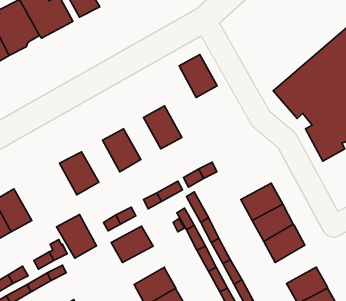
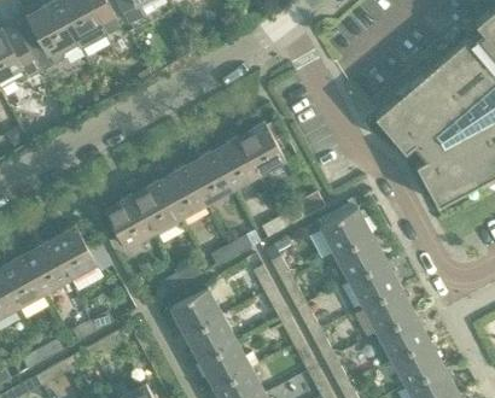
building: [179,55,217,97] -> [237,122,285,176]
building: none -> [185,151,232,204]
building: none -> [132,180,180,233]
building: none -> [319,207,372,254]
building: [57,214,97,258] -> [46,226,97,281]
building: none -> [377,312,429,361]
building: none -> [184,314,237,362]

